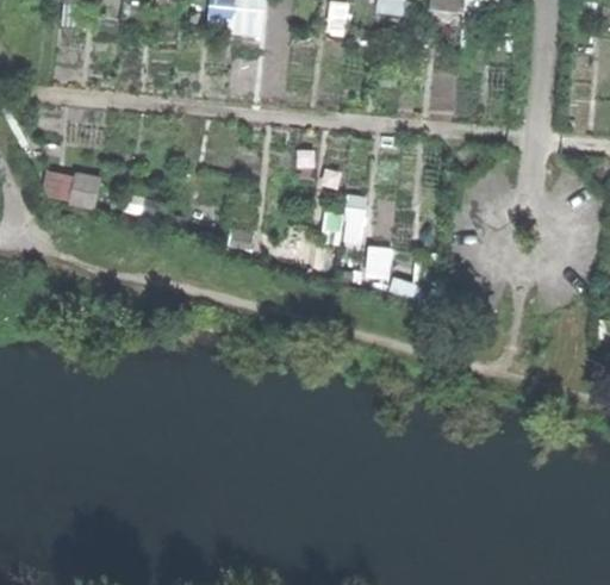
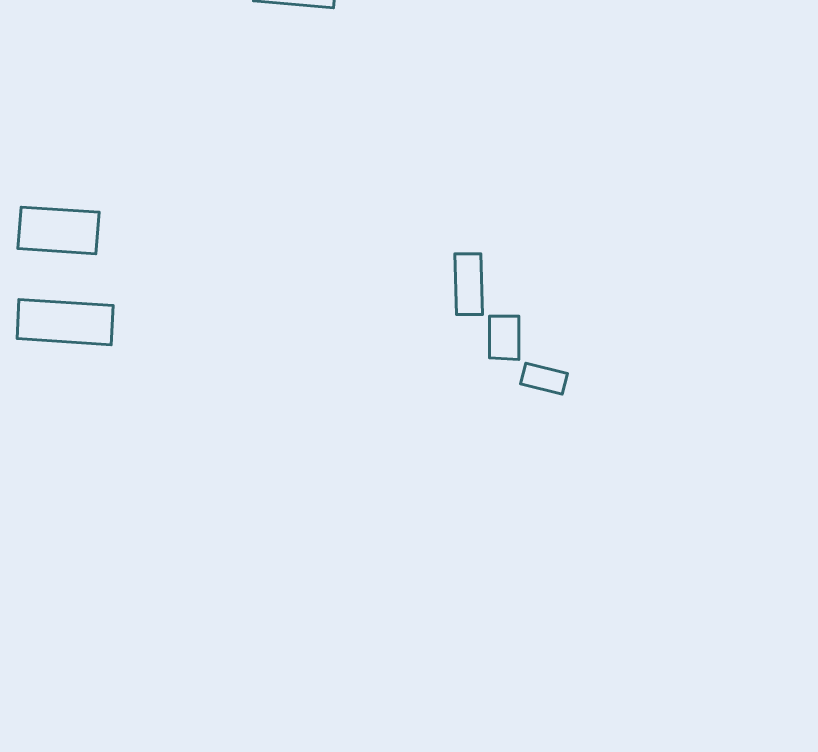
building: none -> [17,299,113,345]

